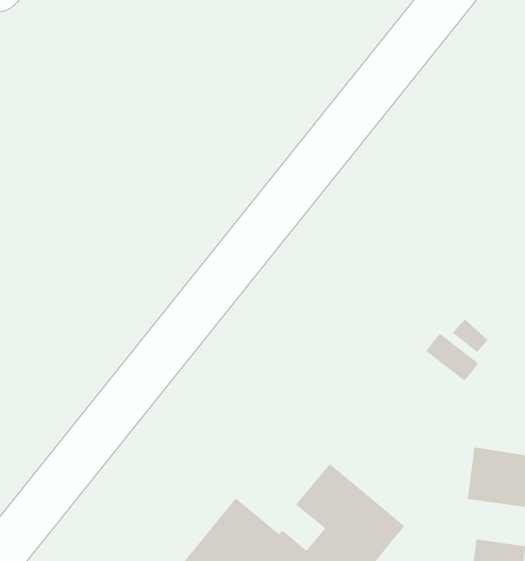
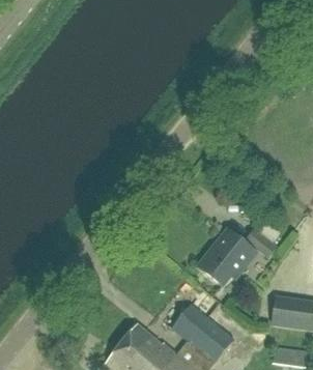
building: none -> [200,230,256,285]

